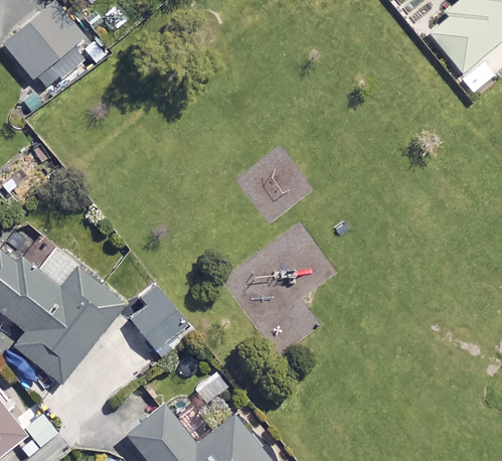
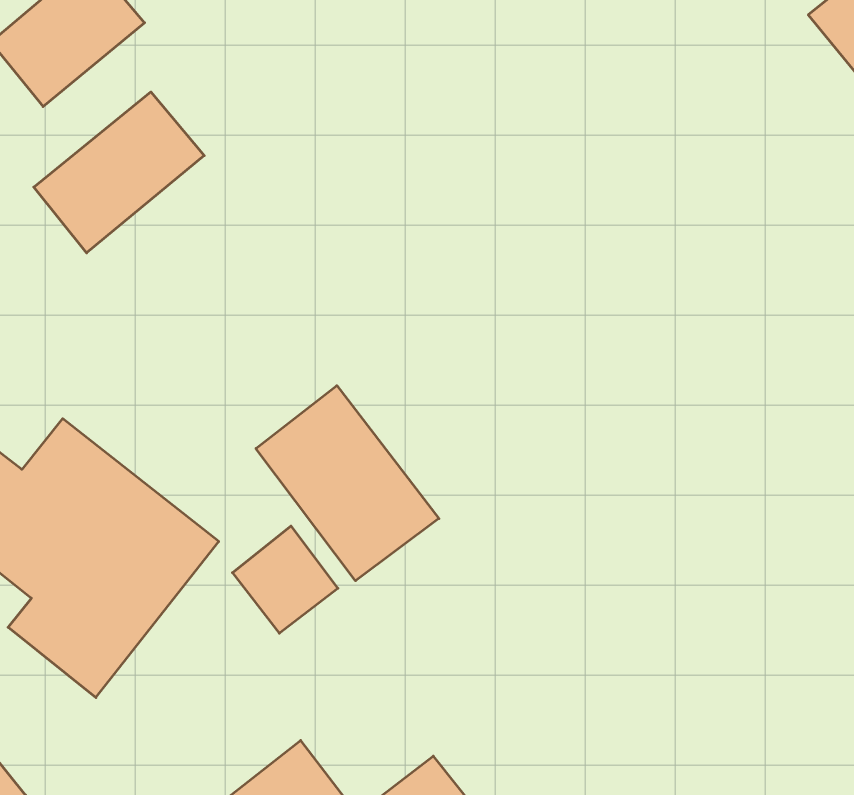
building: none -> [34,92,204,253]
building: none -> [256,386,439,581]

